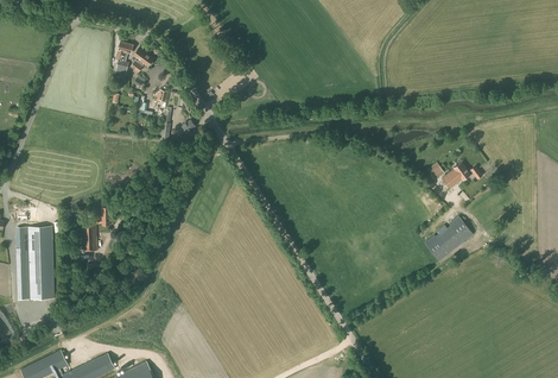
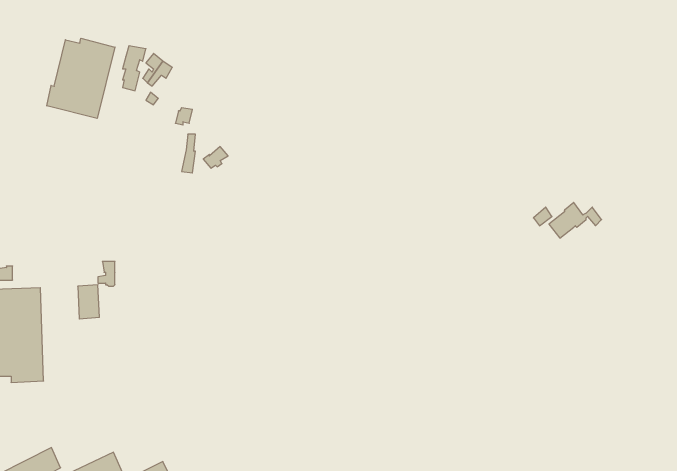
building: none -> [47,38,115,118]
building: [425,215,473,260] -> none

